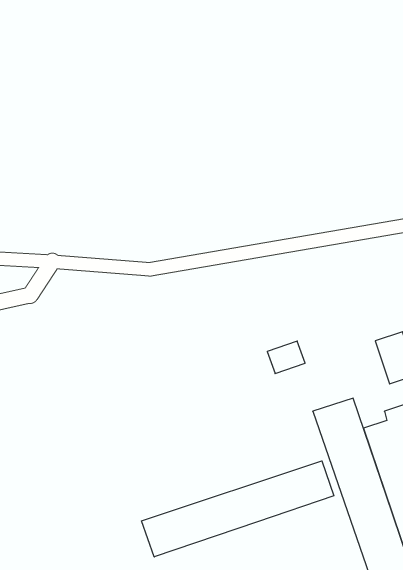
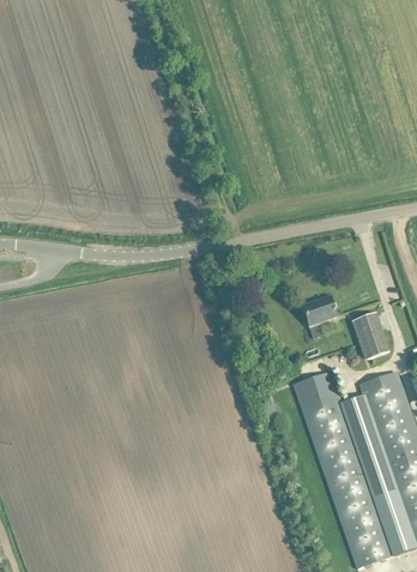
building: [267,341,305,374] -> [302,295,337,325]
building: [141,461,334,557] -> none

